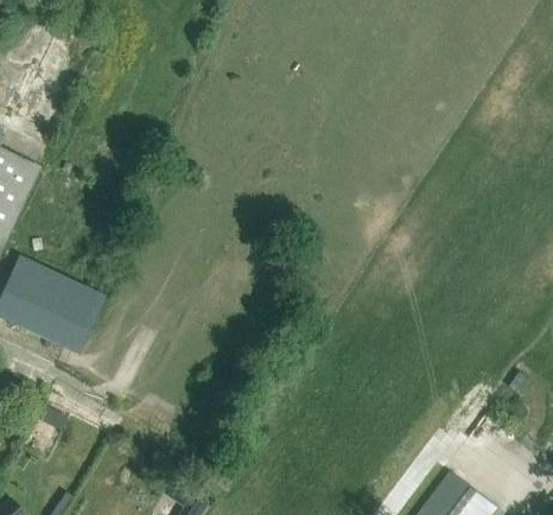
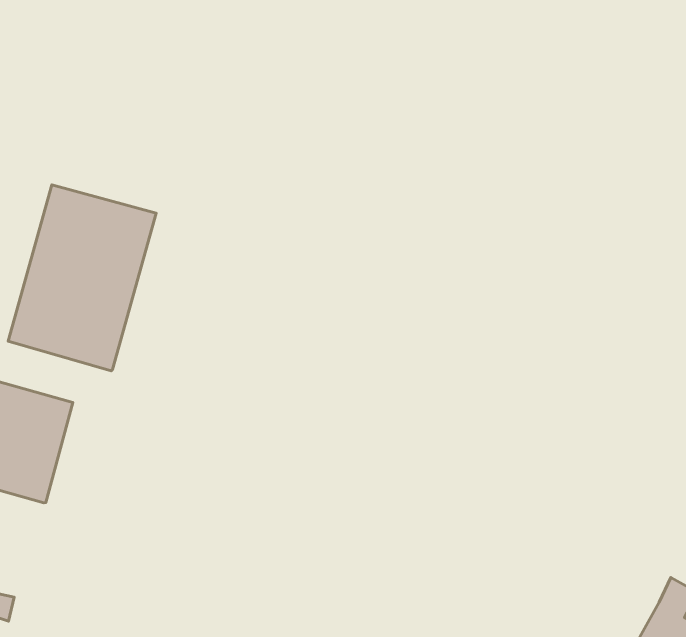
building: none -> [8,185,156,371]

